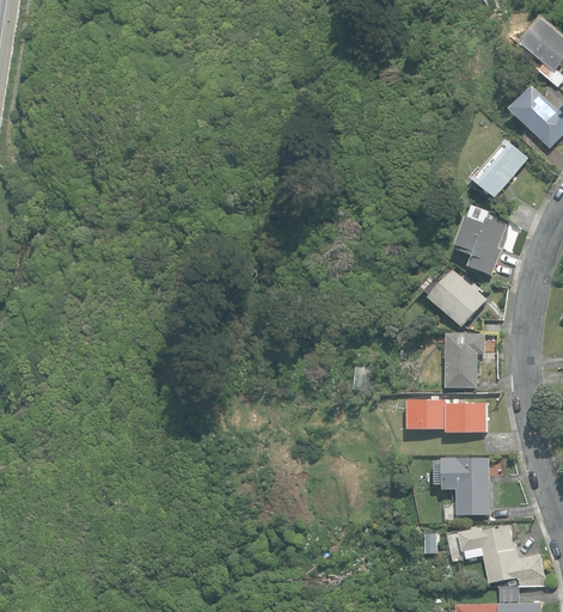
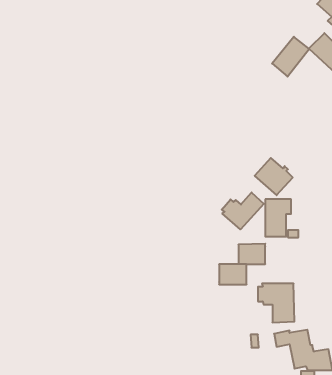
building: [471,139,526,197] -> [272,37,309,77]
building: [455,207,504,274] -> none
building: none -> [222,192,264,229]
building: [445,402,485,432] -> [219,264,247,284]

